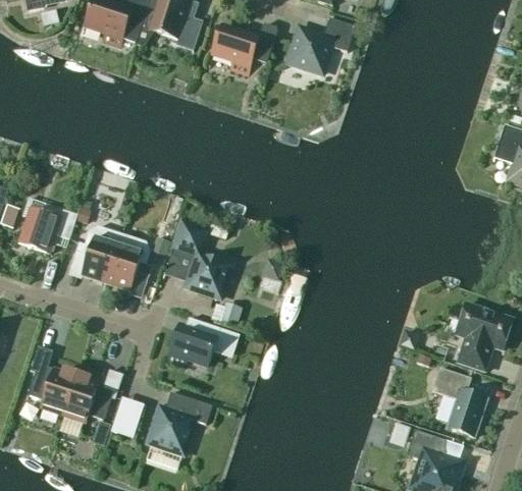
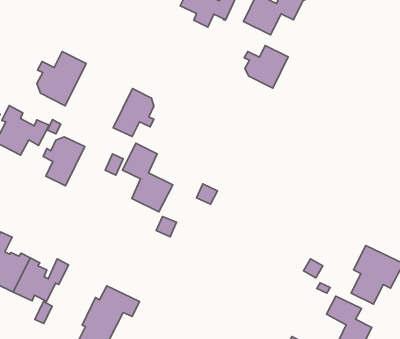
building: none -> [244,45,288,88]
building: none -> [37,52,86,106]
building: [106,232,152,288] -> [113,88,154,136]
building: [166,317,239,366] -> none
building: [110,396,143,436] -> none

